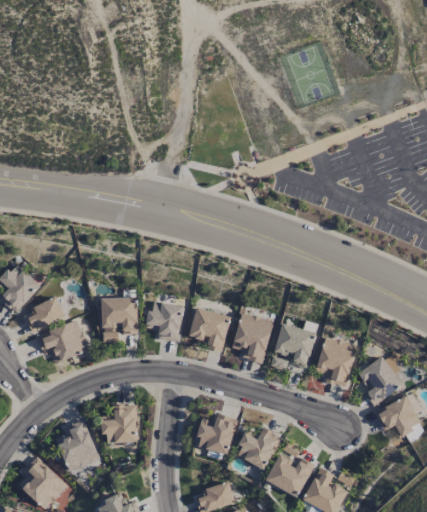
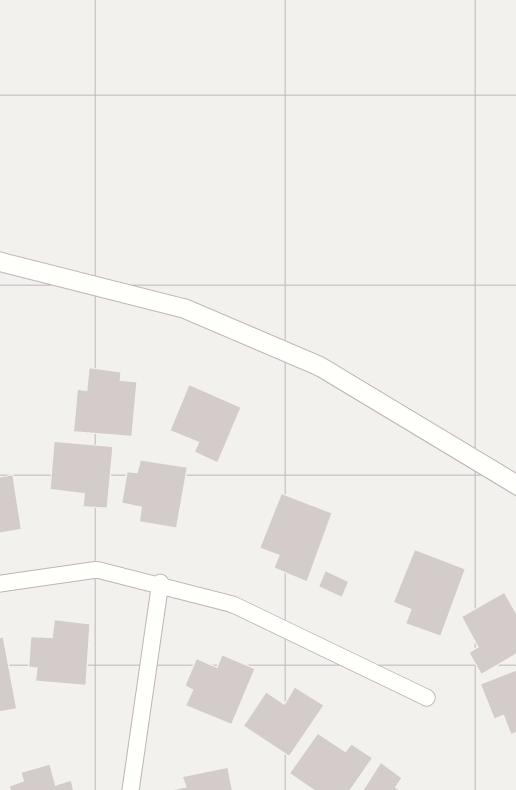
building: none -> [73,367,137,437]
building: [190,307,231,352] -> [170,384,241,463]
building: [274,323,316,368] -> none

